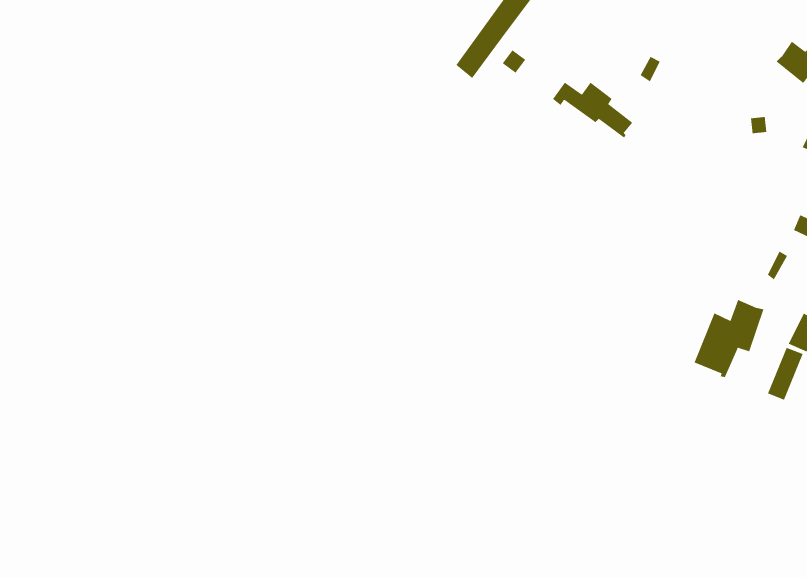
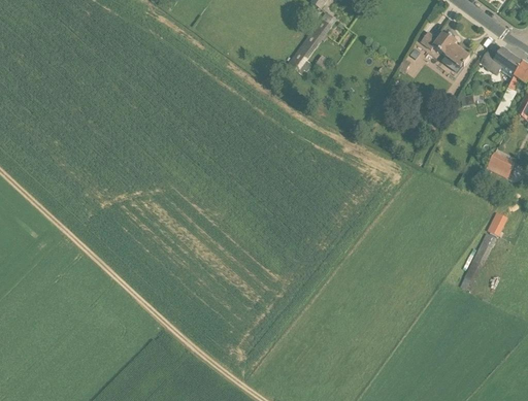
building: [552,82,633,138] -> [421,31,469,65]
building: [694,299,764,378] -> none

